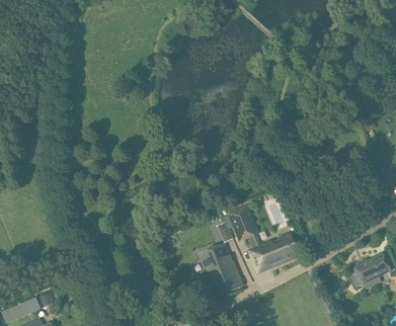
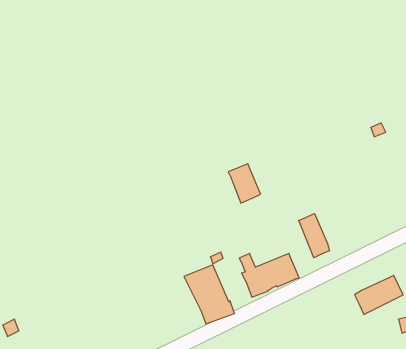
building: none -> [299,214,330,258]
building: [229,206,257,240] -> [228,164,261,203]

